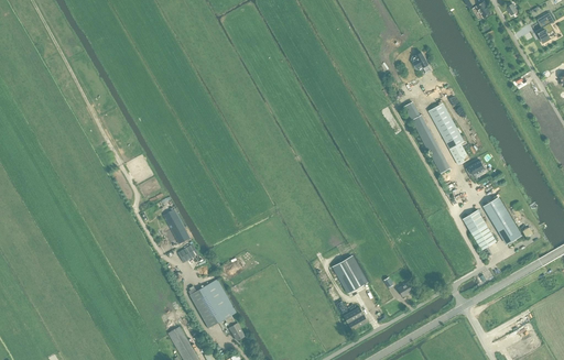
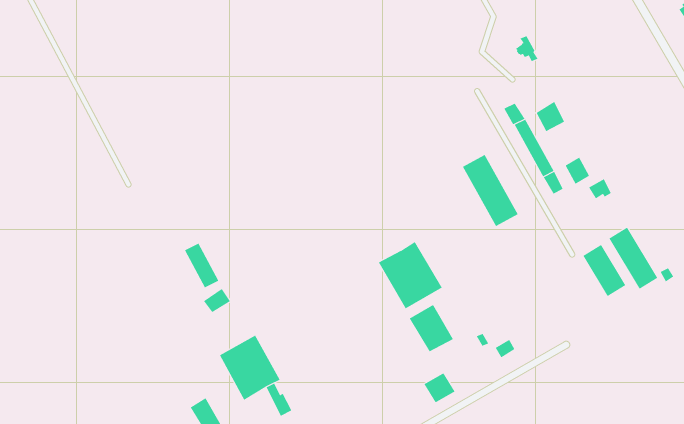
building: [435,117,463,150] -> none
building: none -> [462,154,519,227]
building: none -> [378,241,442,309]

